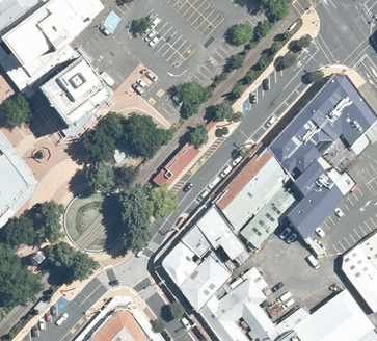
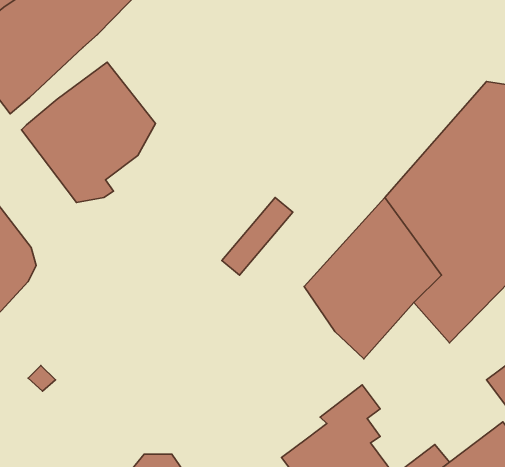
building: [162,202,244,312] -> none

